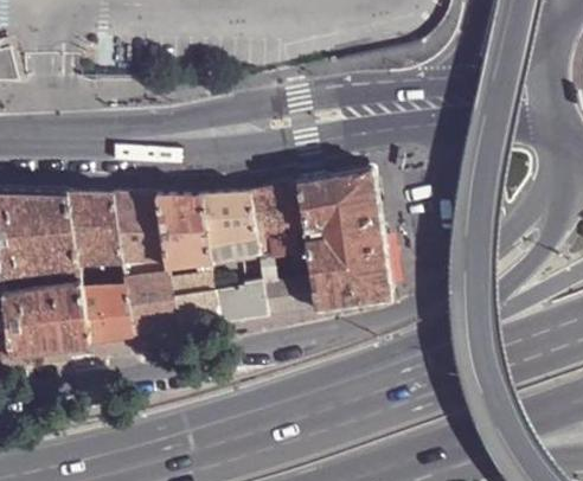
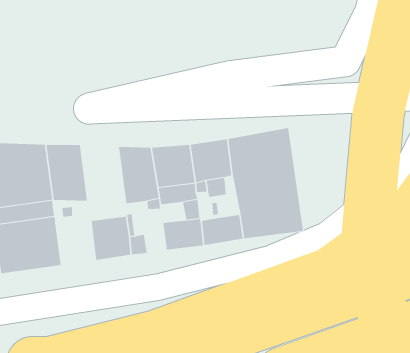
building: [108,190,165,262] -> none
building: [77,286,127,341] -> none

